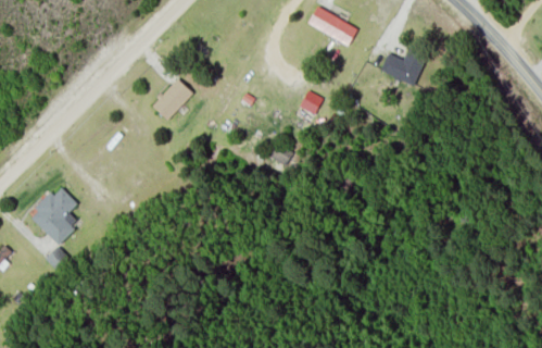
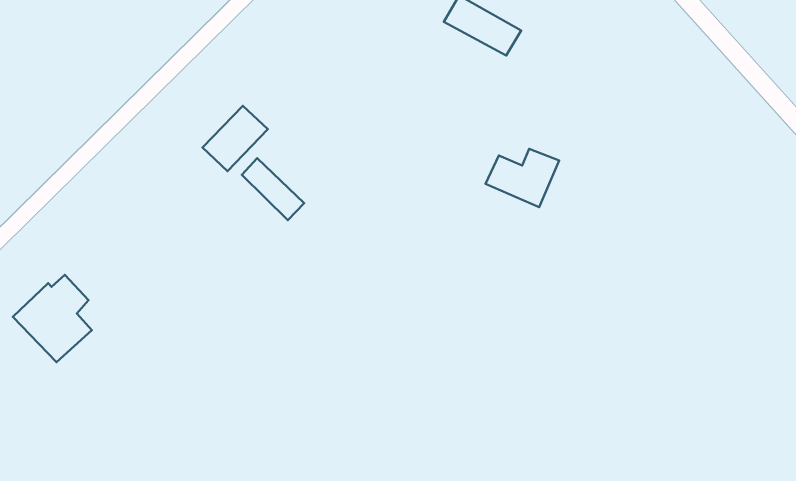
building: [379,48,427,86] -> [485,149,559,207]
building: none -> [242,158,304,220]

